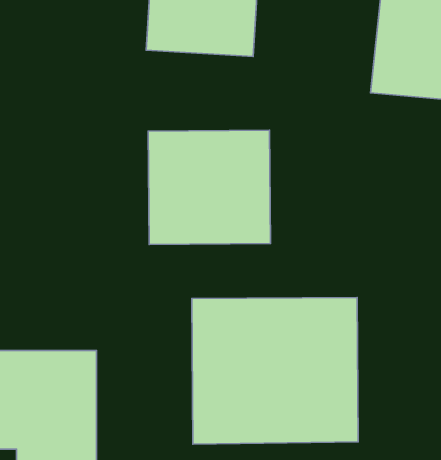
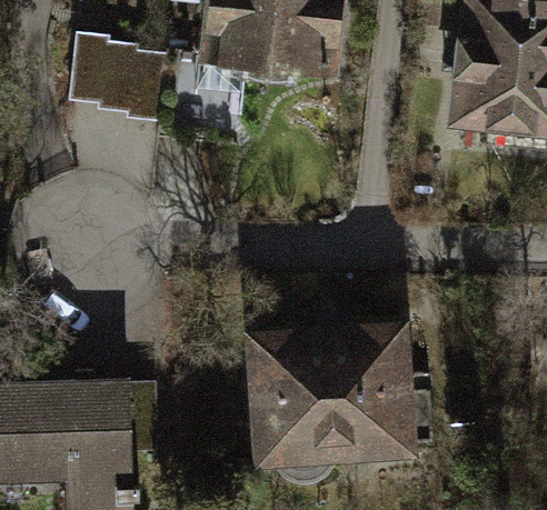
building: none -> [62,32,159,123]
building: [148,130,270,244] -> none

